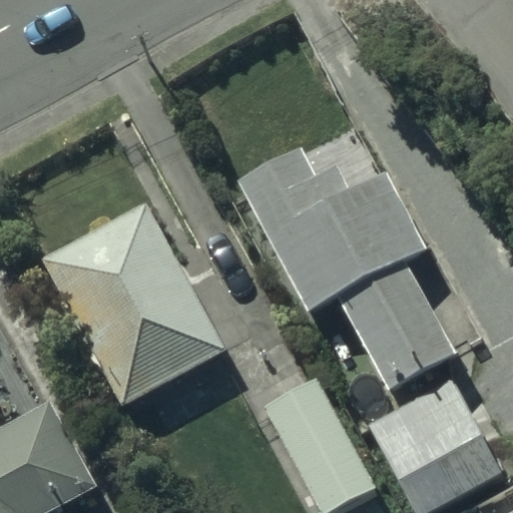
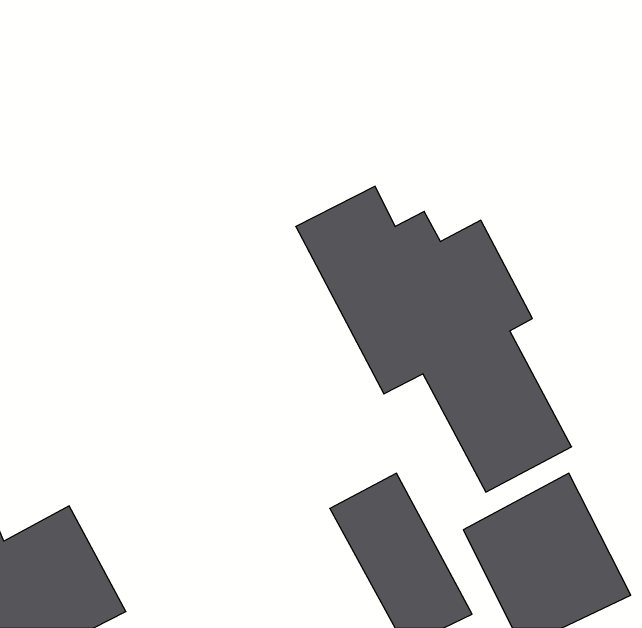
building: [46,202,227,407] -> none

